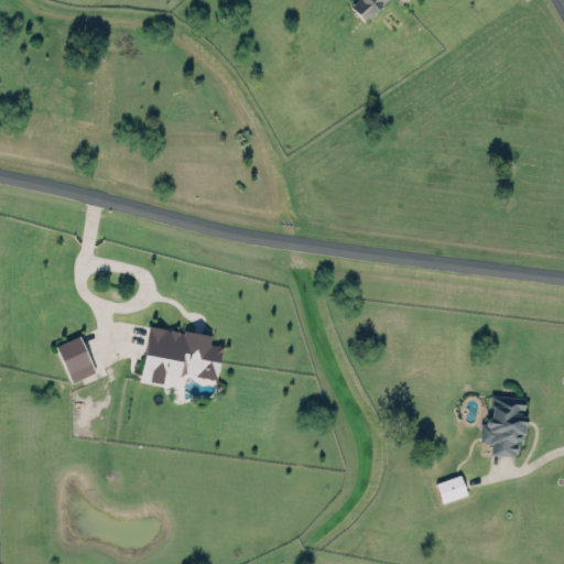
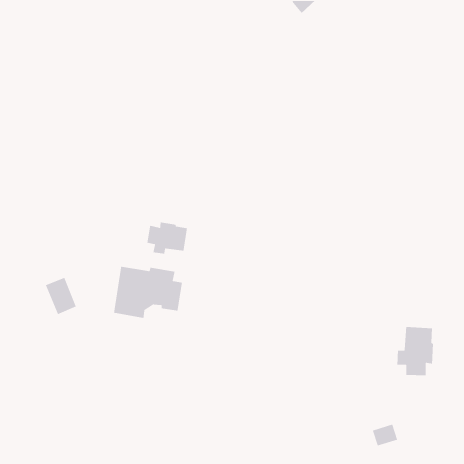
building: none -> [147,221,188,255]
building: [436,476,468,503] -> [372,424,398,446]

